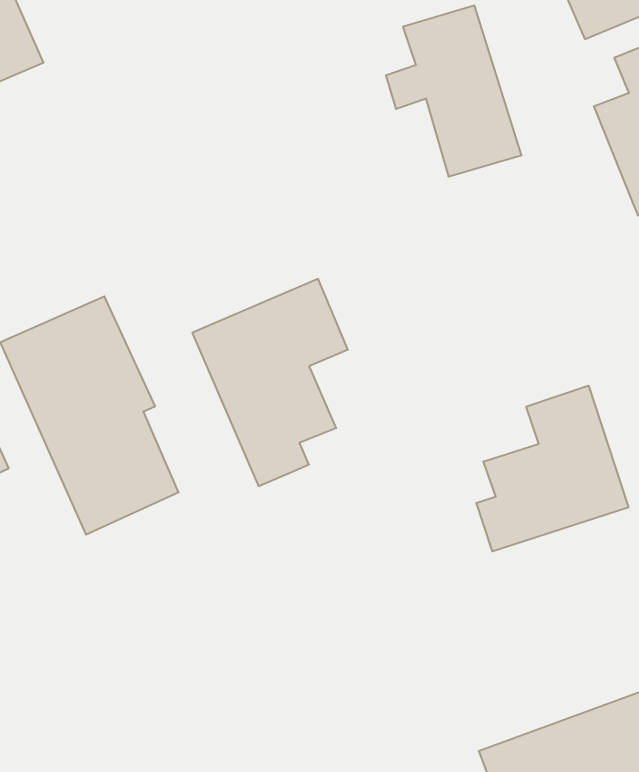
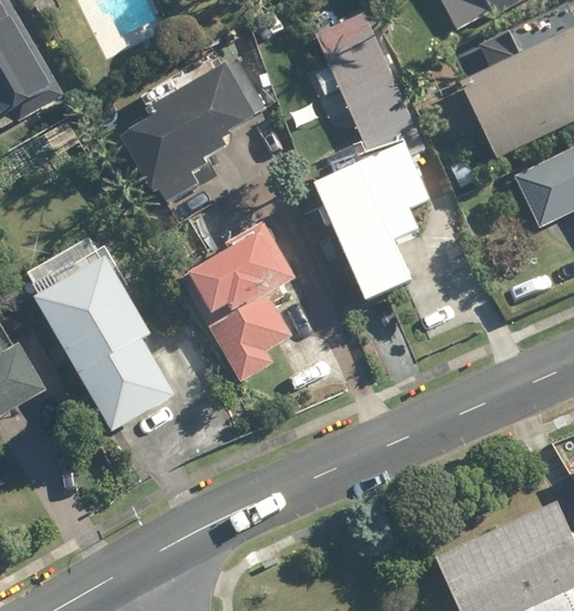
building: none -> [122,56,265,204]
building: none -> [313,152,430,303]
building: [476,386,628,551] -> none

